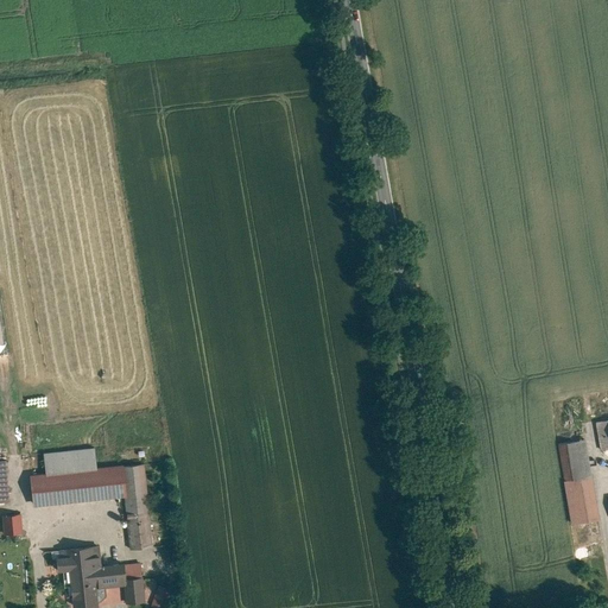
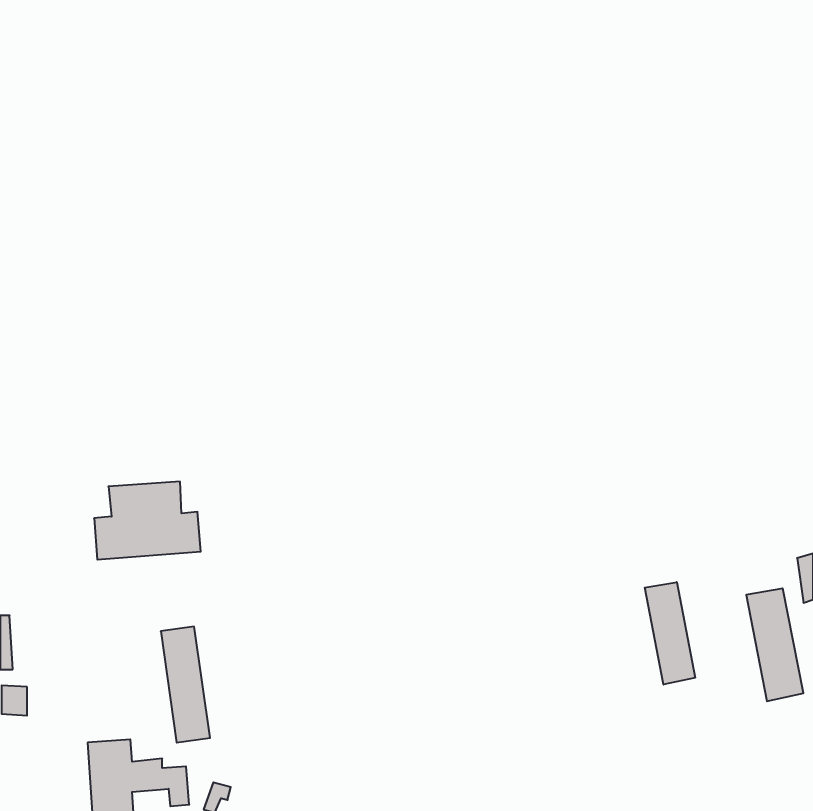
building: none -> [645,582,695,685]
building: [33,448,113,506] -> [94,482,201,560]

